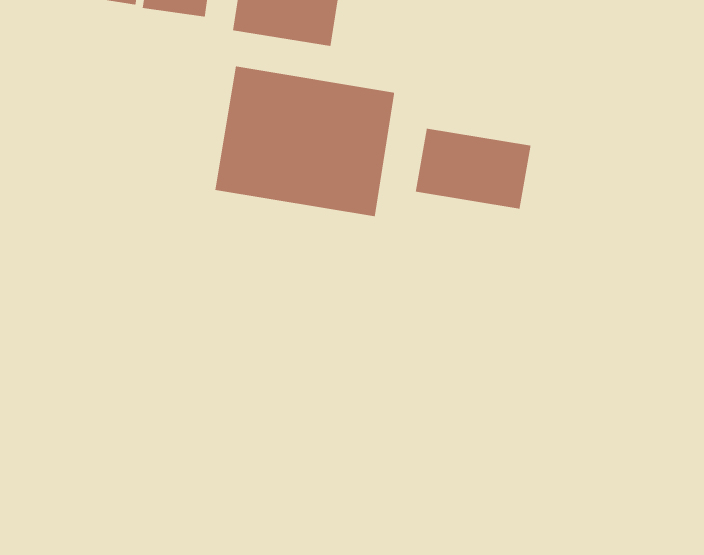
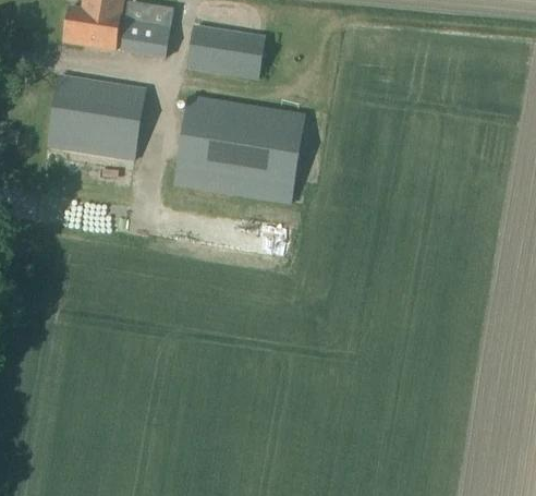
building: none -> [46,73,145,160]
building: [415,128,531,209] -> none

